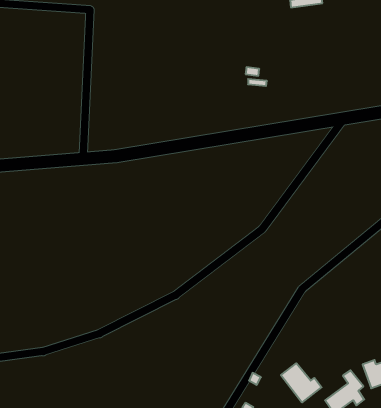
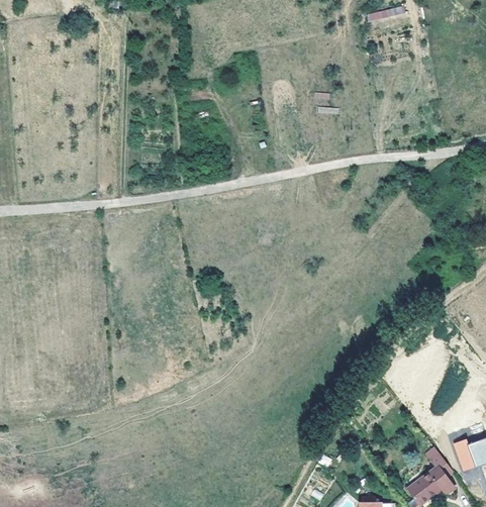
building: [281,363,322,402] -> none

